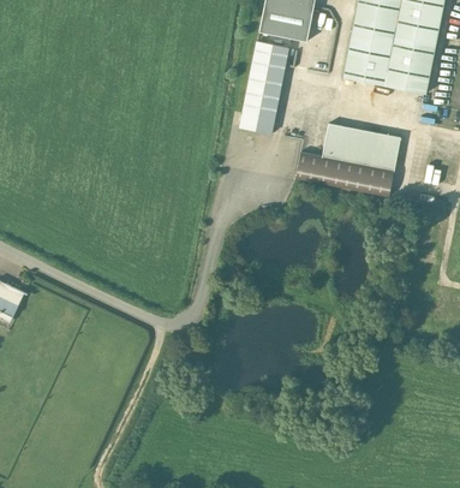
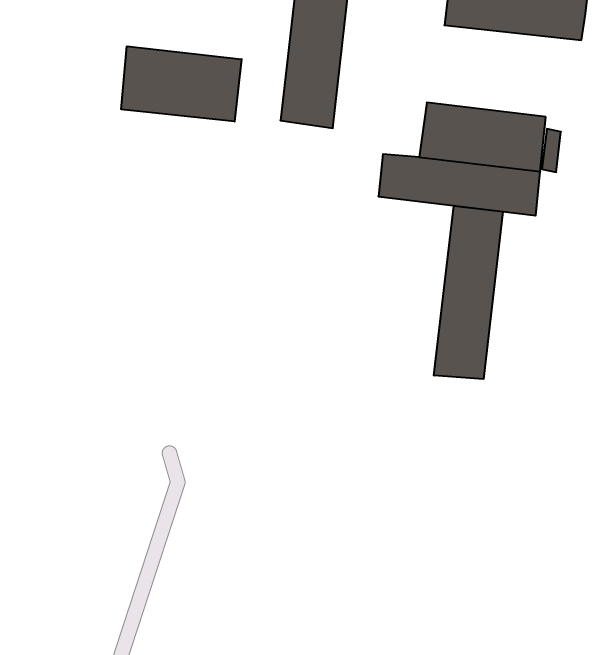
building: none -> [121,46,242,122]
building: none -> [434,206,503,379]

